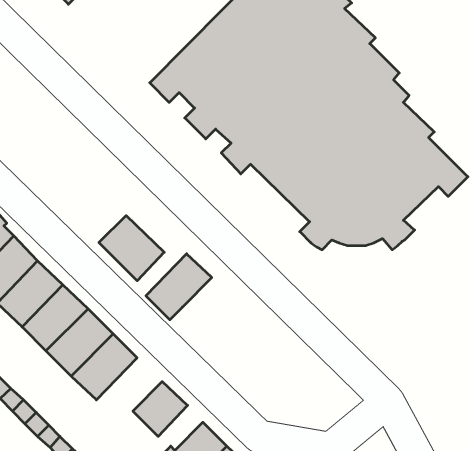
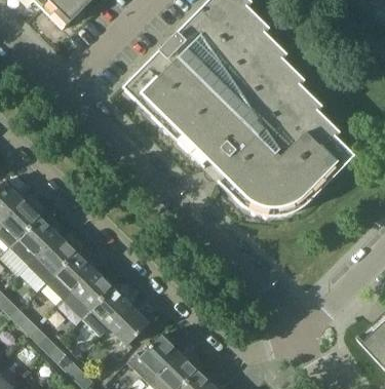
building: [99,216,164,281] -> none
building: [146,254,212,320] -> [83,287,131,336]

